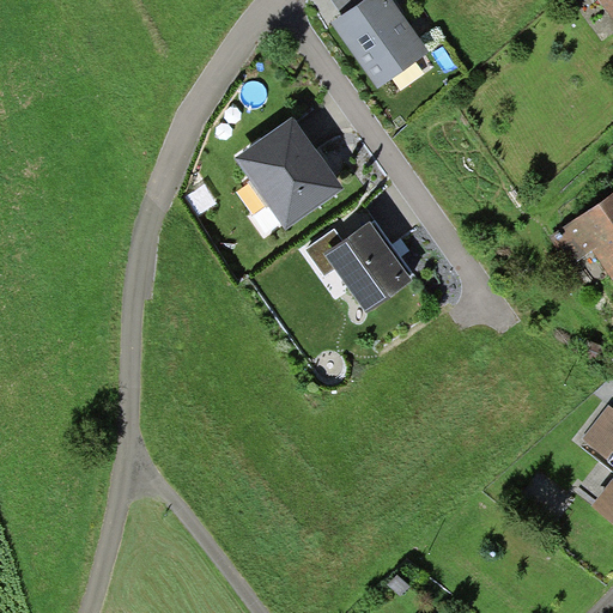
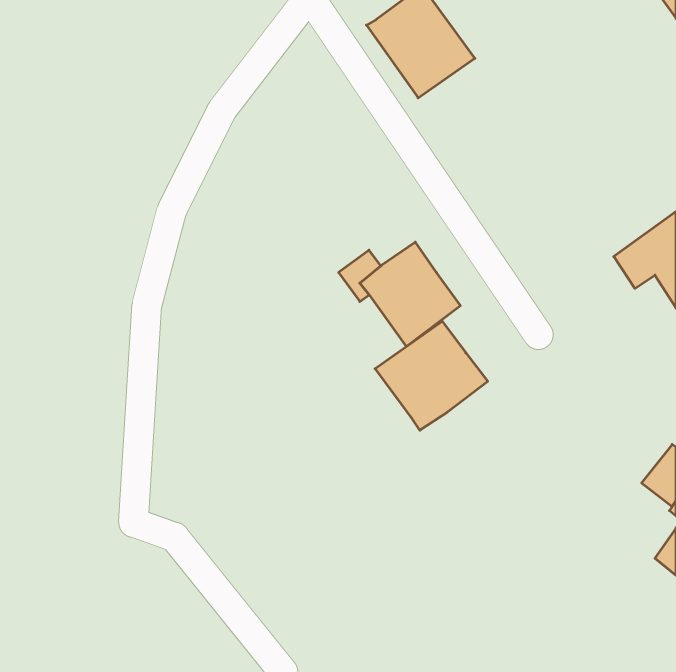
building: [236,117,344,230] -> none
building: none -> [375,321,488,430]

